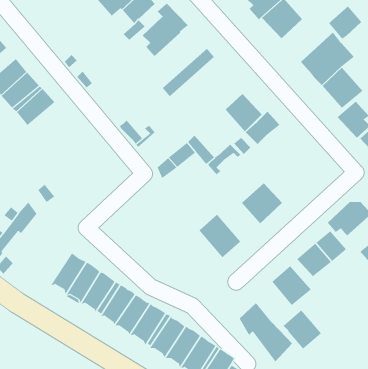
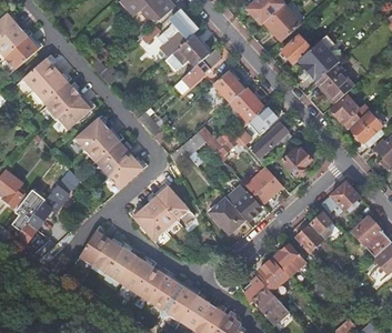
building: [328,6,362,39] -> [281,34,311,64]
building: none -> [165,36,209,71]
building: none -> [213,71,244,102]
building: none -> [57,97,91,130]
building: none -> [77,117,144,188]
building: none -> [249,121,290,163]
building: none -> [282,148,311,178]
building: none -> [225,184,261,220]
building: none -> [133,186,190,242]
building: [283,309,322,350] -> [255,255,290,291]

